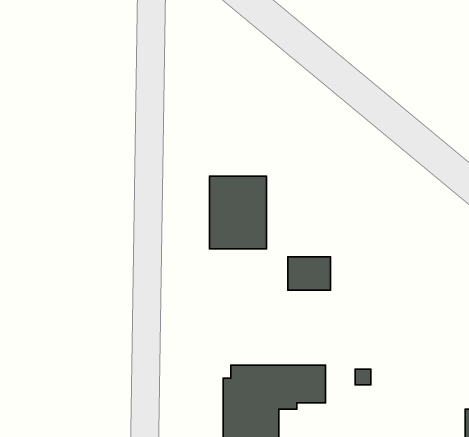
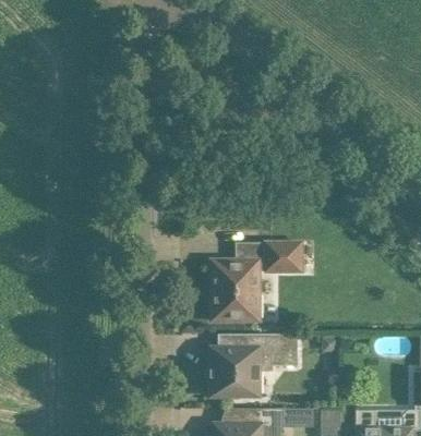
building: [210,176,267,249] -> [209,261,257,322]

